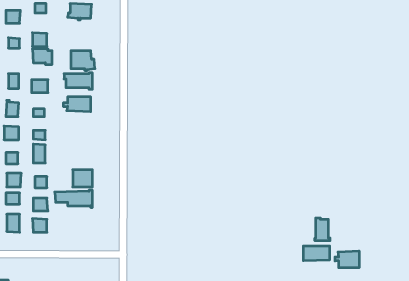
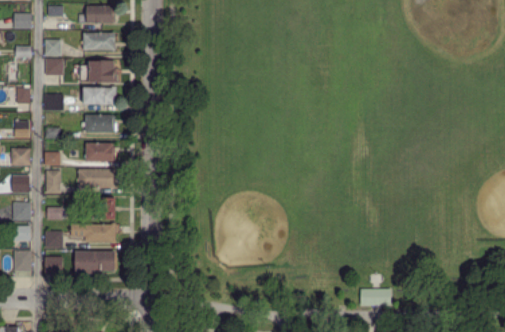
building: none -> [80,31,115,50]
building: none -> [84,142,112,159]
building: none -> [76,168,114,186]
building: none -> [77,251,115,273]
building: [315,218,330,241] -> none
building: [335,251,359,268] -> none

